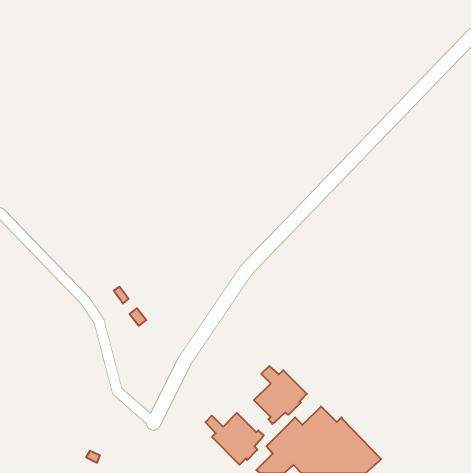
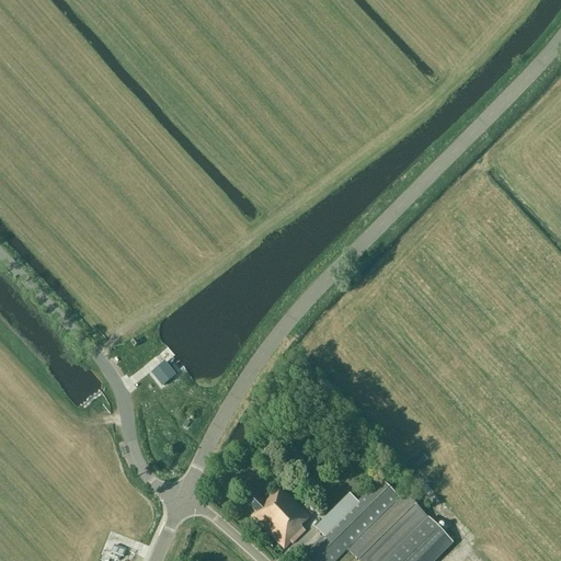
building: [254,366,307,424] -> none

